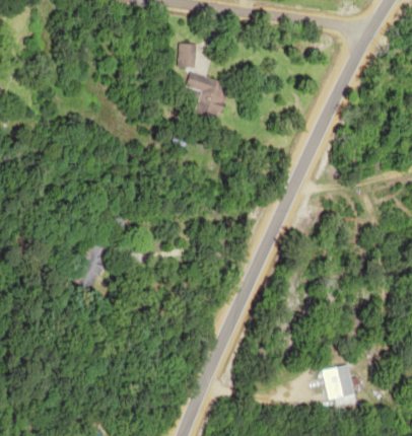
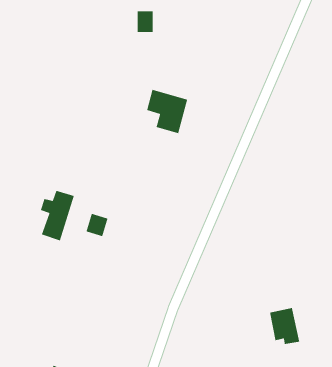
building: [184,72,229,121] -> [146,89,188,134]
building: none -> [85,213,109,237]

